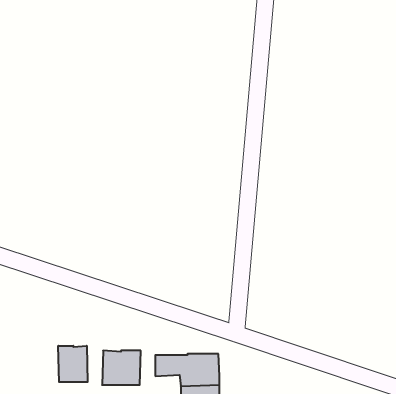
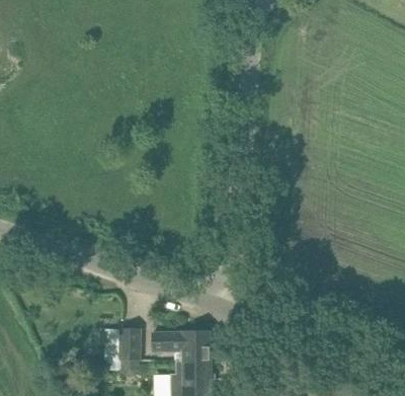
building: [58,346,88,382] -> none

